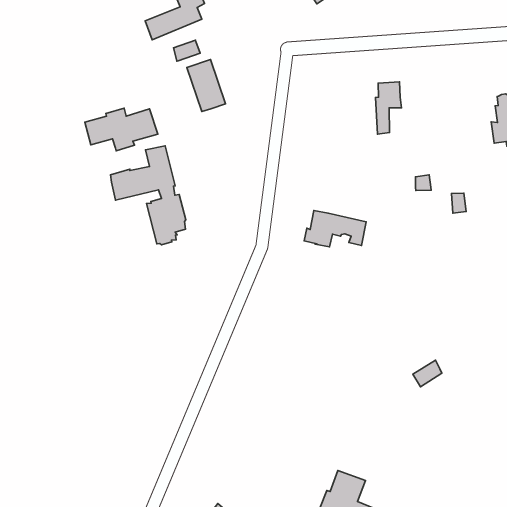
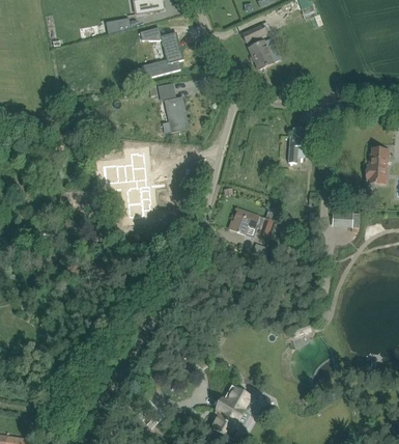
building: [85,108,158,151] -> none

